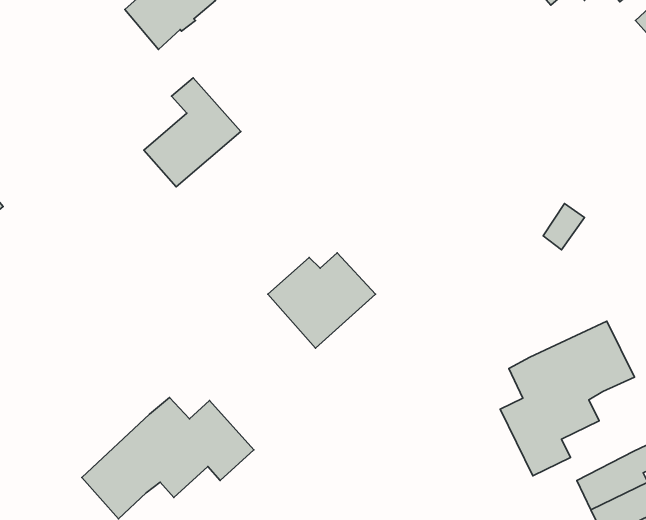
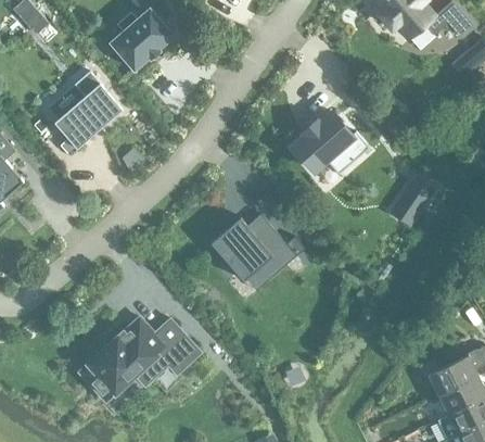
building: [144,78,241,187] -> [54,73,123,150]
building: none -> [292,113,369,175]
building: [500,321,635,476] -> none

